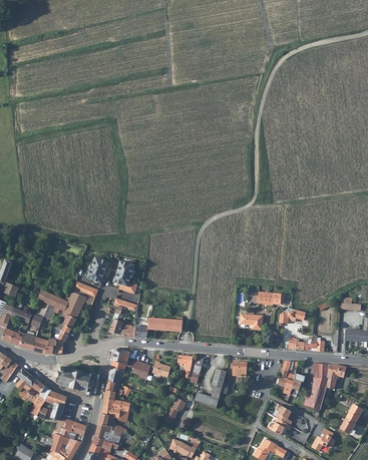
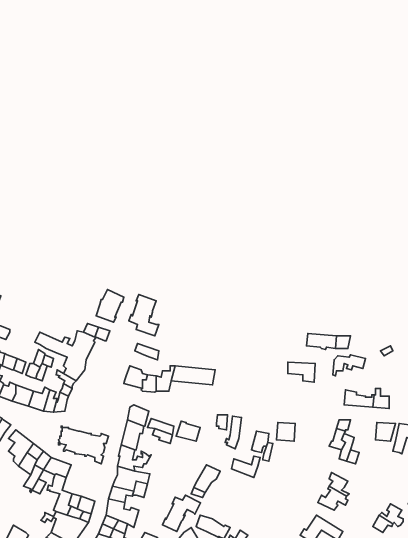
building: [302,377,327,409] -> none
building: none -> [163,495,200,532]

